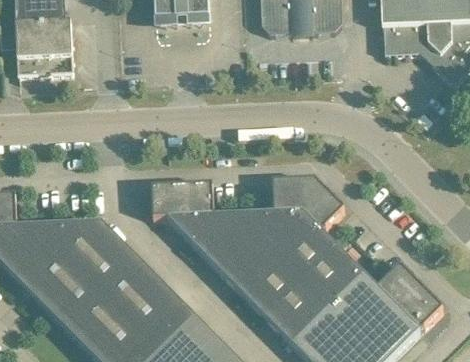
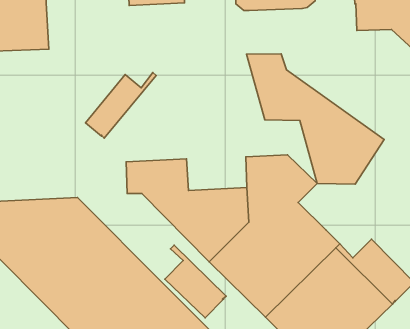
building: none -> [247,54,384,184]
building: none -> [86,73,156,138]
building: none -> [165,245,226,318]

